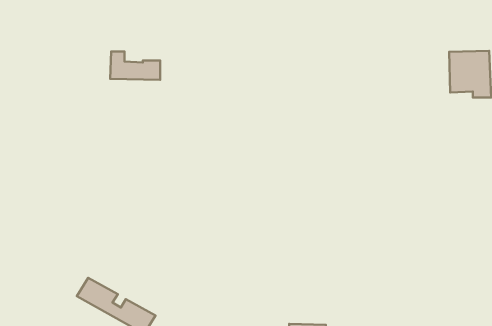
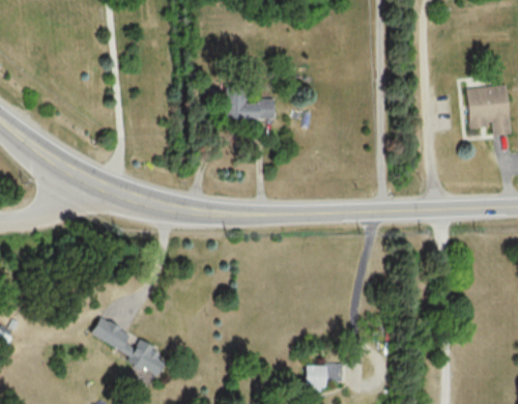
building: [110,51,160,80] -> [224,90,275,119]

